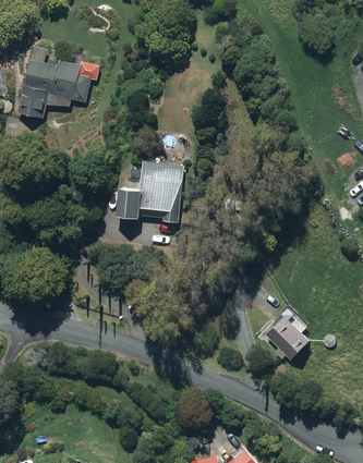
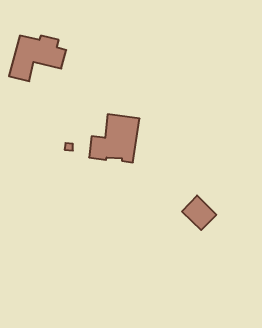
building: [266,316,311,361] -> [182,195,216,230]

